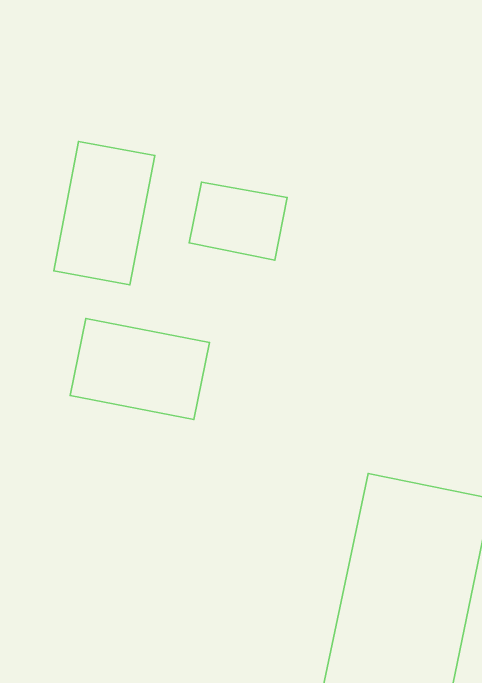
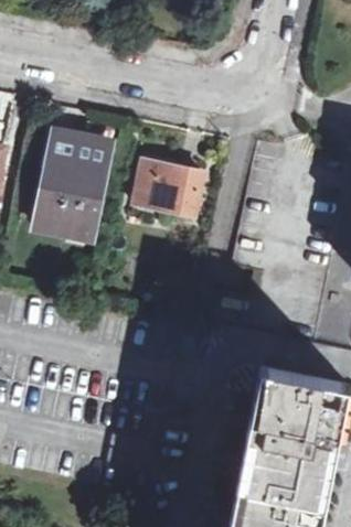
building: [70,319,209,419] -> none

